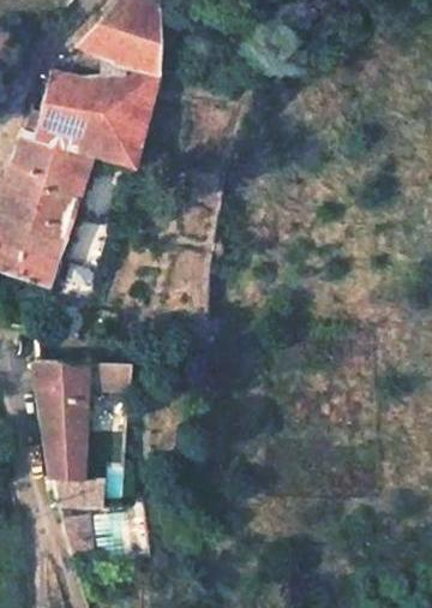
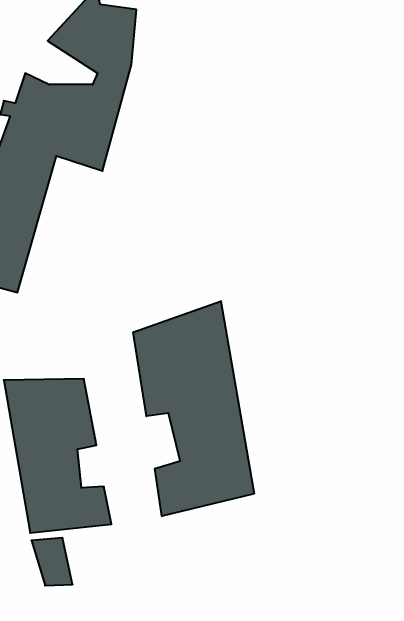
building: none -> [133,301,254,516]

